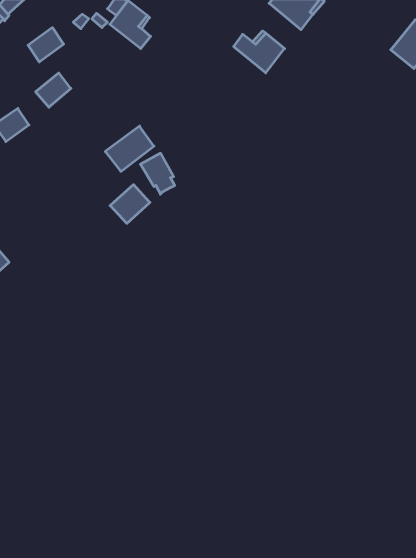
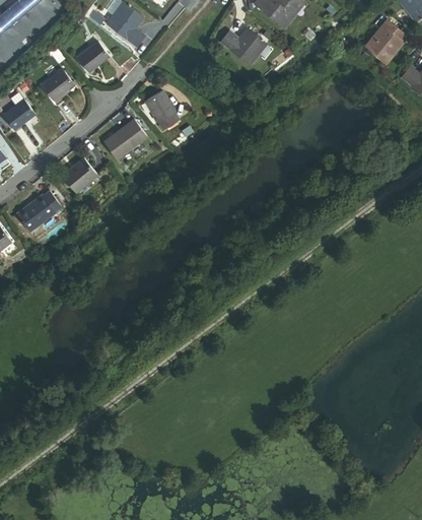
building: [28,28,64,62] -> [75,41,108,72]
building: [140,153,175,194] -> [144,90,175,128]
building: [110,185,150,223] -> [63,157,99,193]
building: none -> [20,195,59,233]

